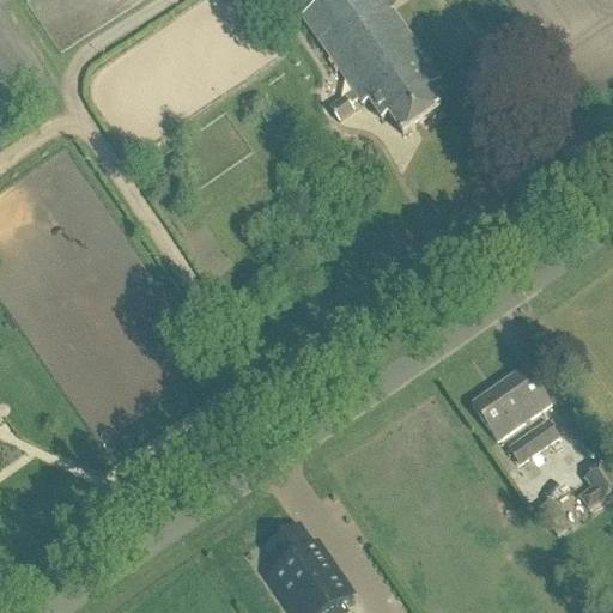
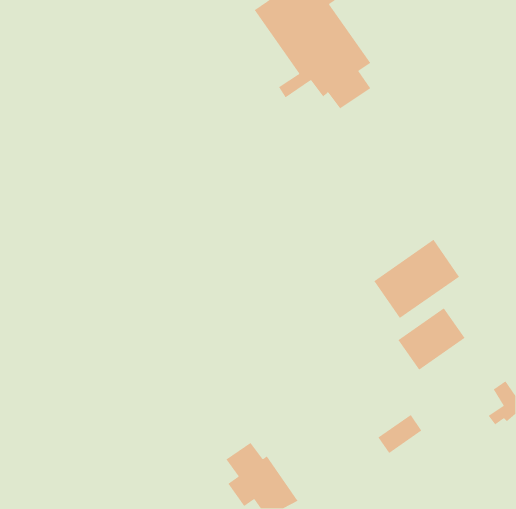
building: none -> [373,239,460,319]
building: [508,415,560,462] -> [378,414,422,454]

